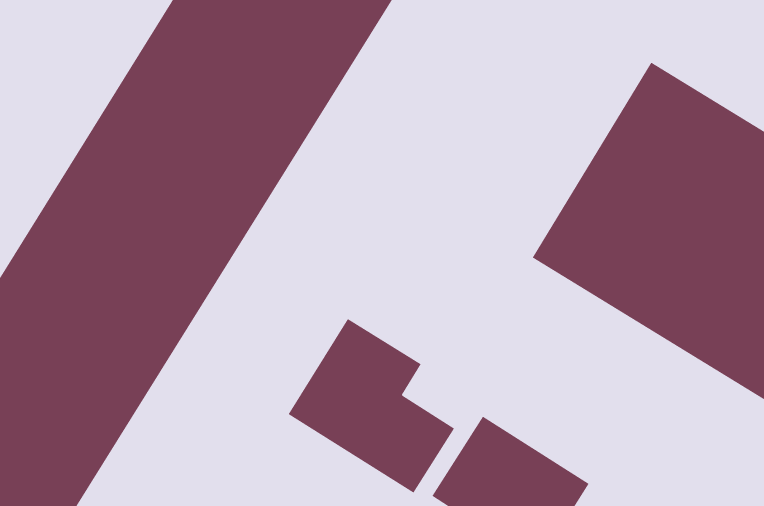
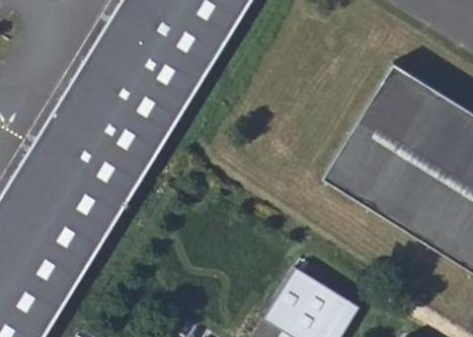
building: [288,318,455,494] -> none

